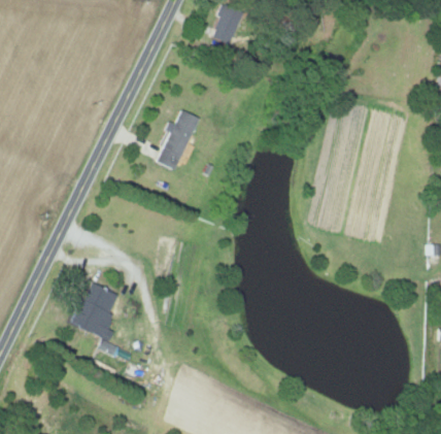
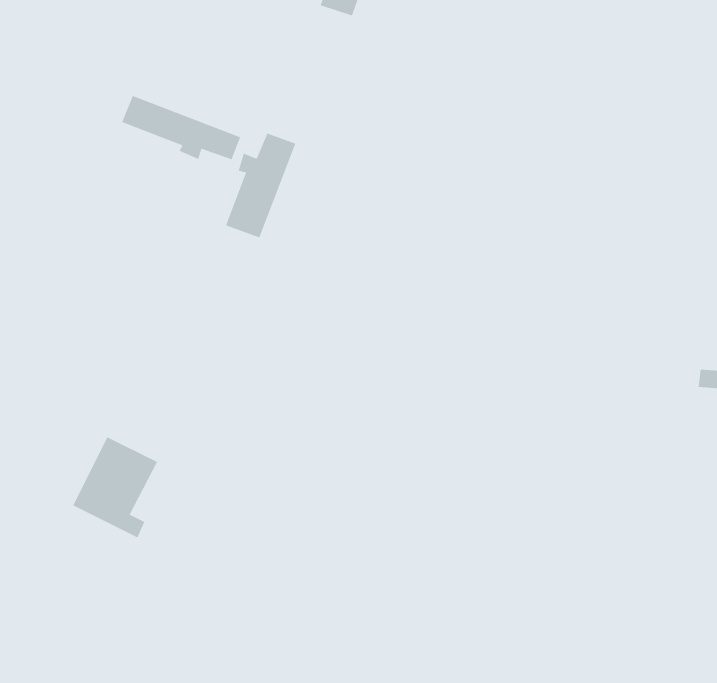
building: none -> [122,95,241,160]

